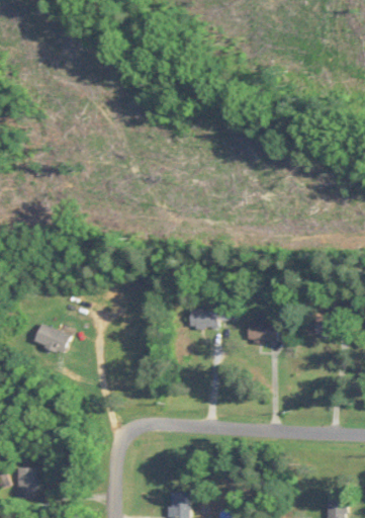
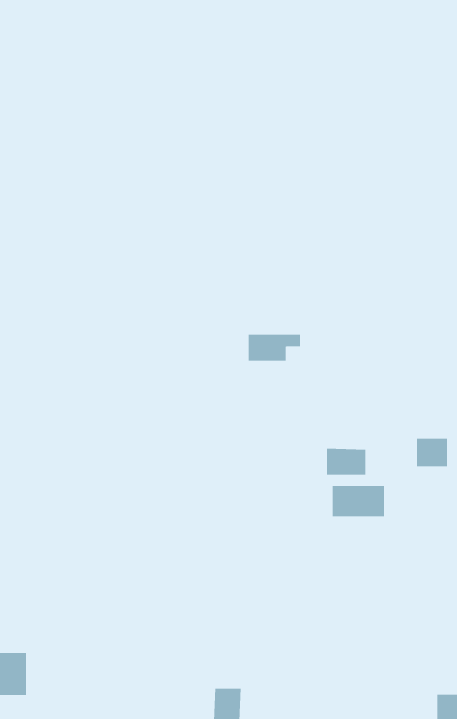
building: [189,309,226,328] -> [248,334,301,361]
building: [33,323,70,352] -> none
building: none -> [332,485,384,517]

